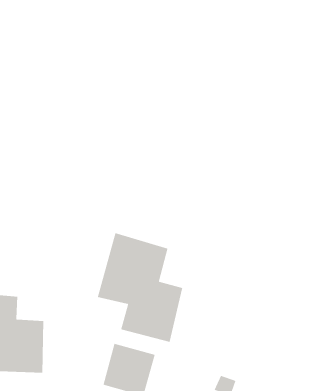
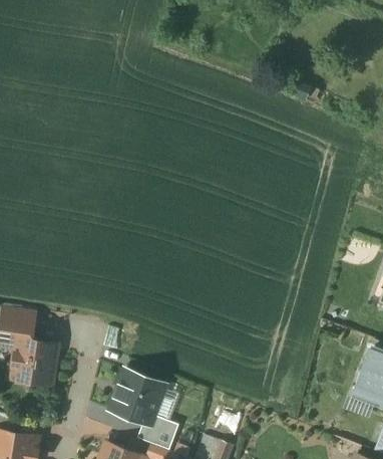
building: [97,232,183,343] -> none

